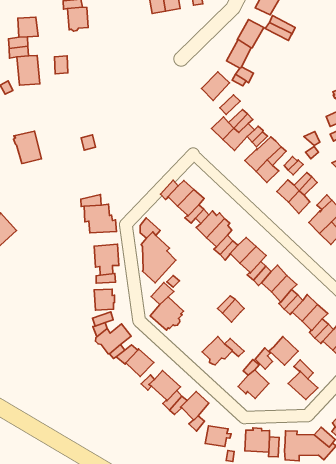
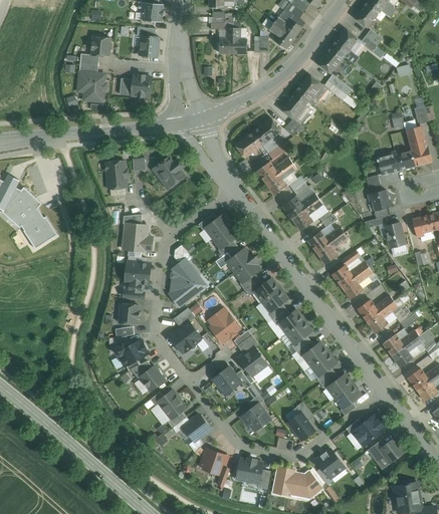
building: none -> [131,75,151,97]
building: none -> [235,132,262,158]
building: none -> [156,157,183,186]
building: [13,131,42,163] -> [103,161,127,189]
building: none -> [210,308,239,342]
building: [269,337,298,365] -> [239,347,266,374]

